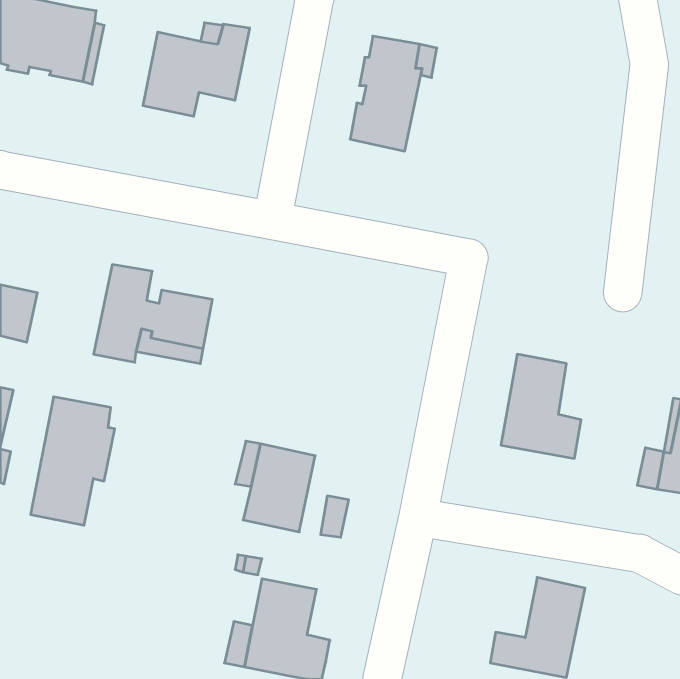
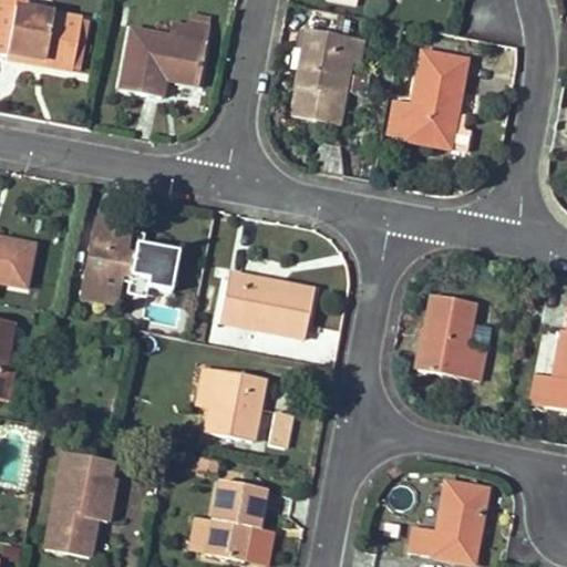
building: none -> [405,50,467,146]
building: none -> [218,271,313,337]
building: [31,397,115,525] -> [44,451,114,557]

